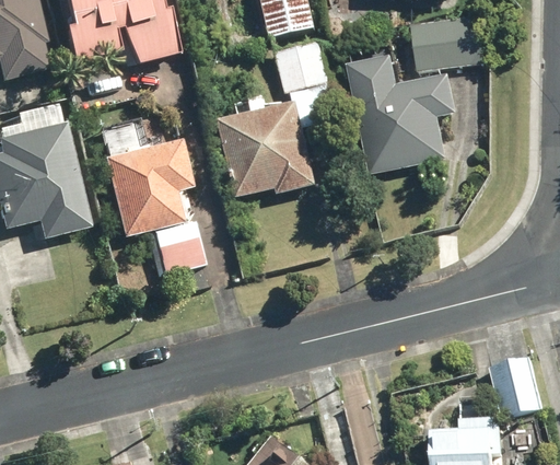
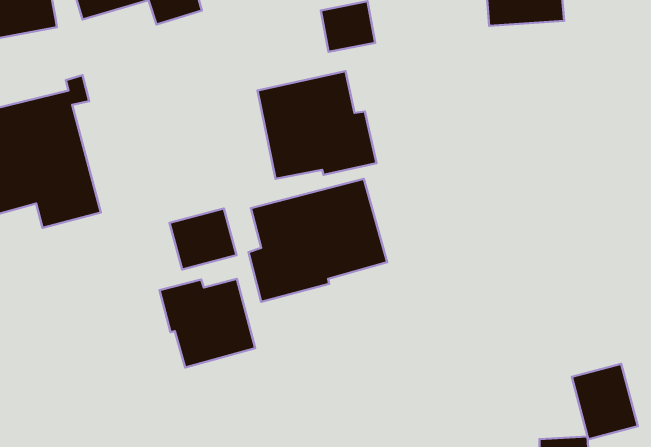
building: [348,56,456,171] -> none
building: [101,137,190,236] -> none
building: none -> [249,179,387,302]
building: none -> [160,279,255,368]

